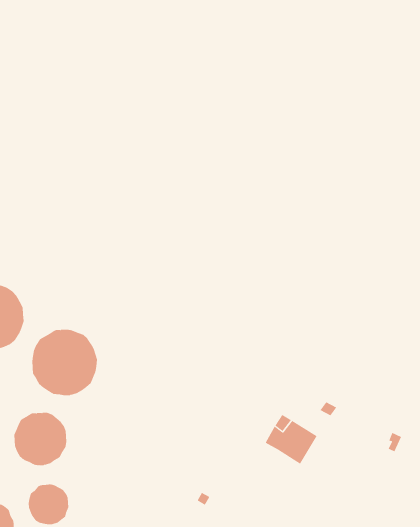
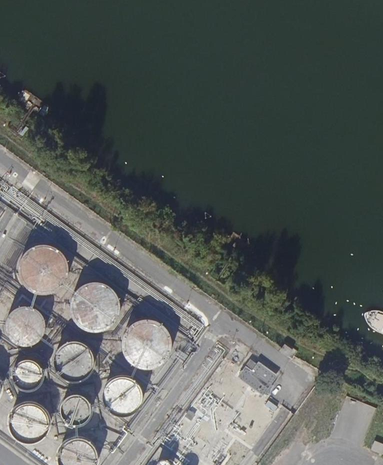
building: none -> [122,319,171,368]
building: none -> [101,377,141,417]

